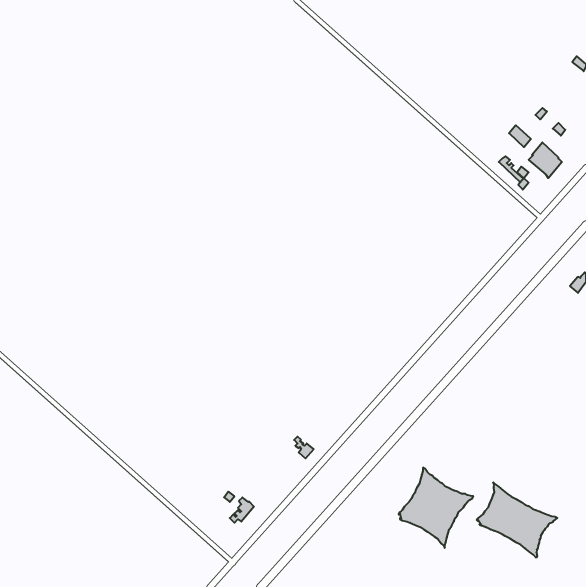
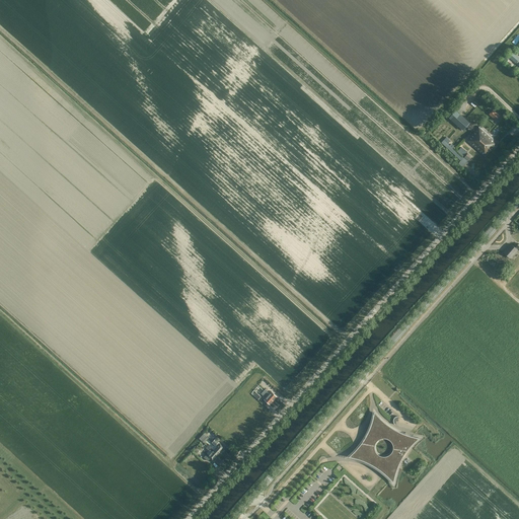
building: [477,482,557,558] -> none

